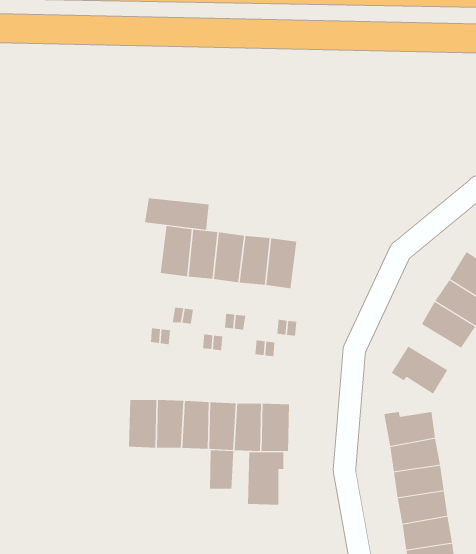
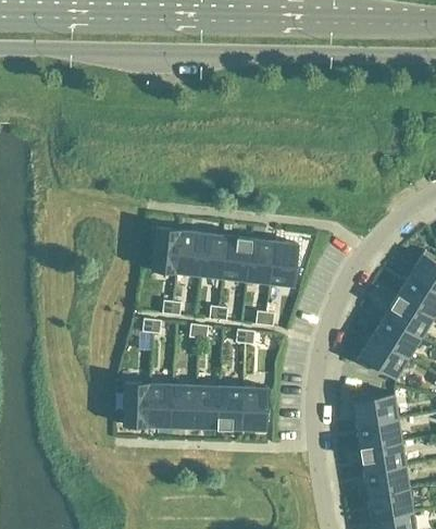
building: [144,197,209,231] -> none
building: none -> [269,242,298,286]
building: none -> [373,316,421,357]
building: [210,449,234,490] -> none
building: [248,452,284,506] -> none

